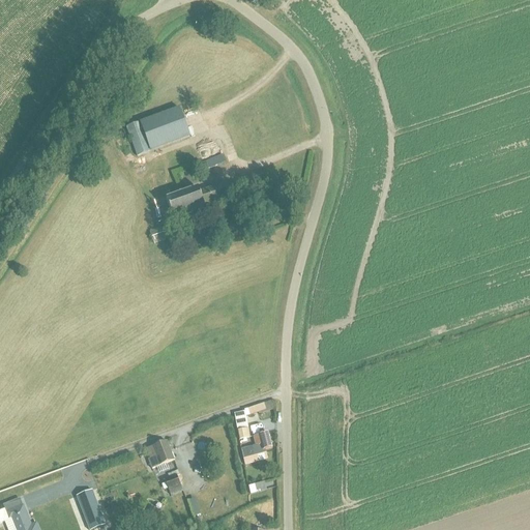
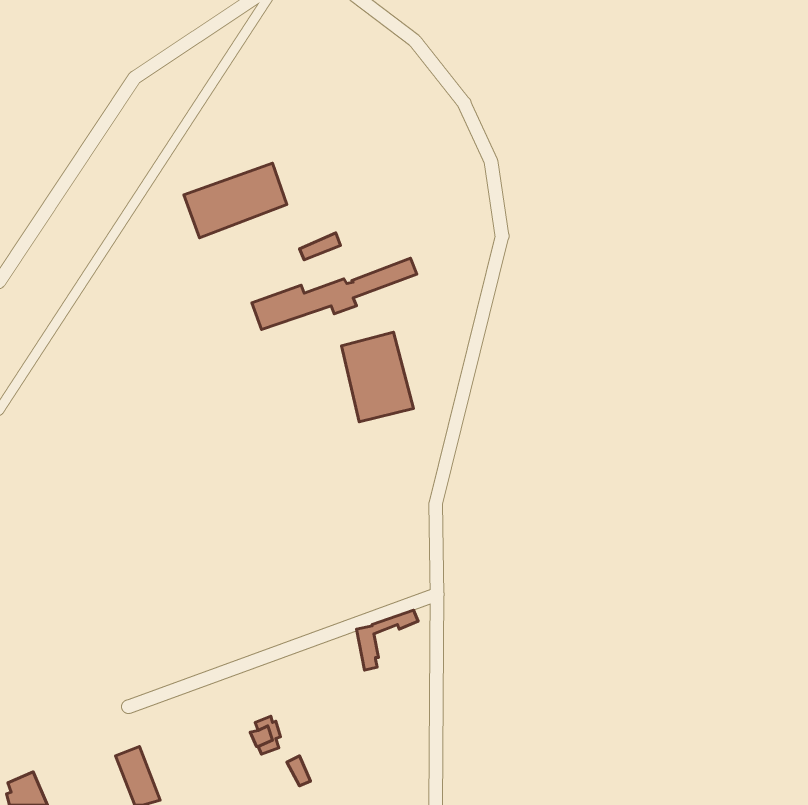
building: none -> [342,332,414,422]
building: [240,431,271,455] -> none
building: [145,439,173,467] -> none

